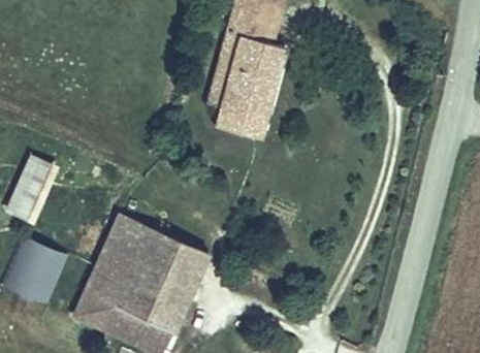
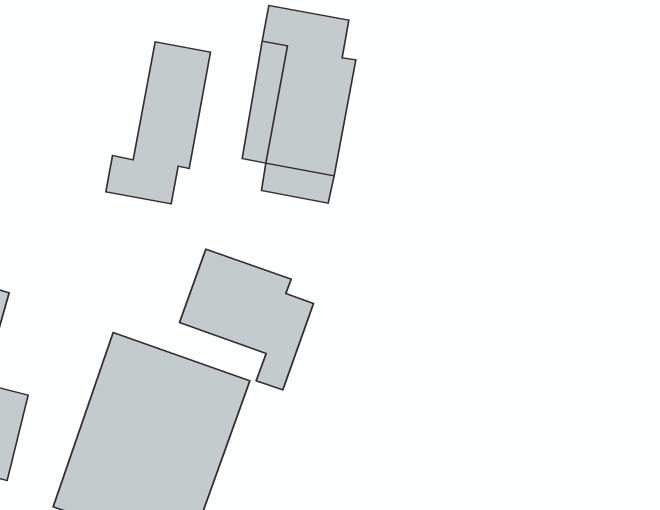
building: none -> [106,42,210,204]
building: none -> [180,249,313,390]

